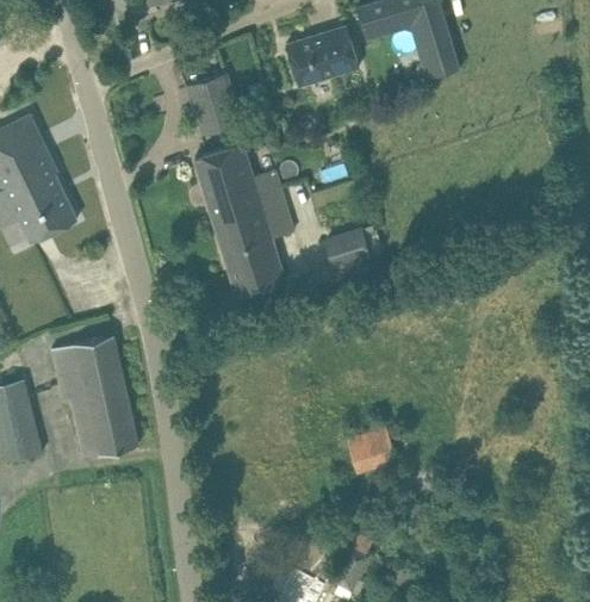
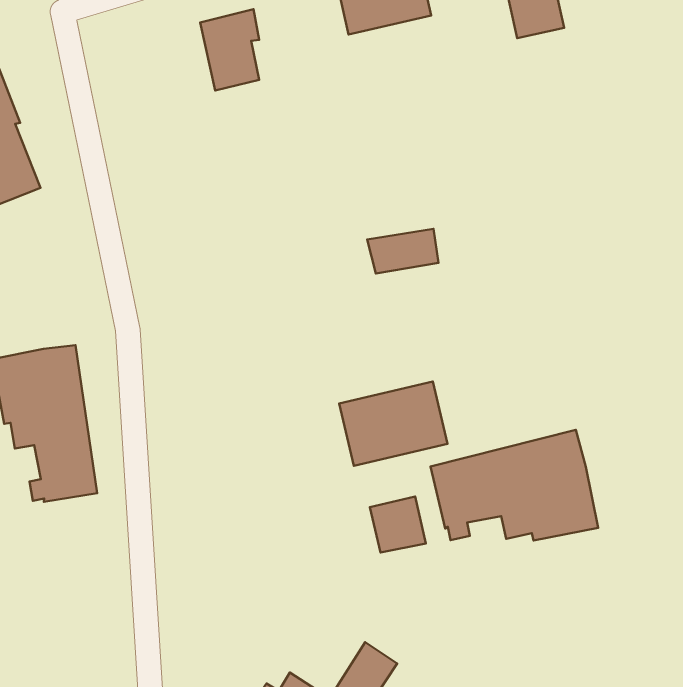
building: [193,144,292,299] -> none
building: none -> [339,381,448,466]
building: none -> [430,430,598,541]

